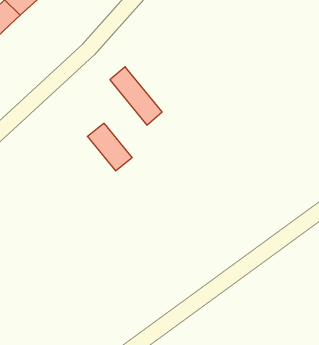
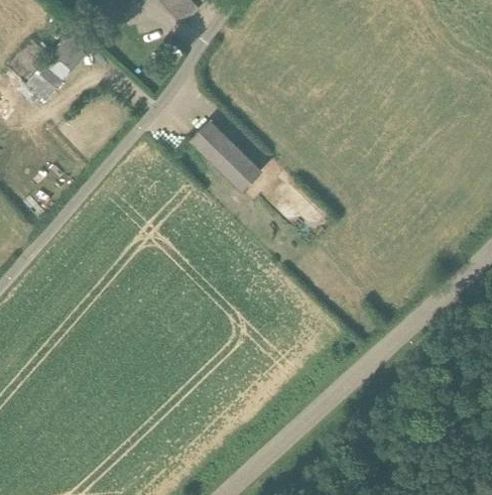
building: [87,123,132,171] -> none

